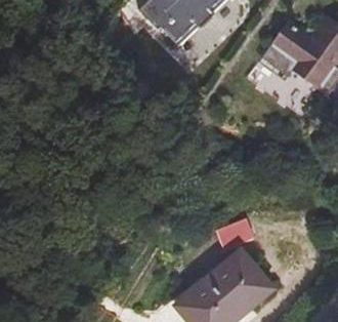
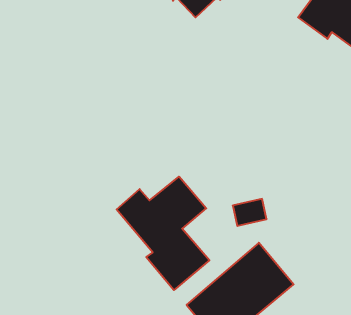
building: none -> [117,177,209,290]

